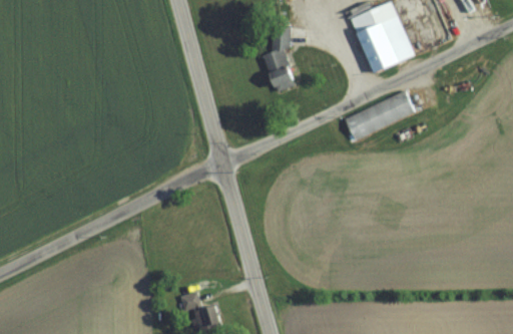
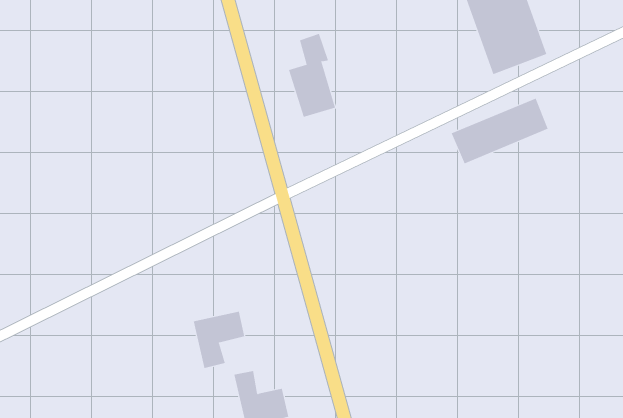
building: [263,28,298,90] -> [288,33,336,117]
building: none -> [193,311,245,369]

